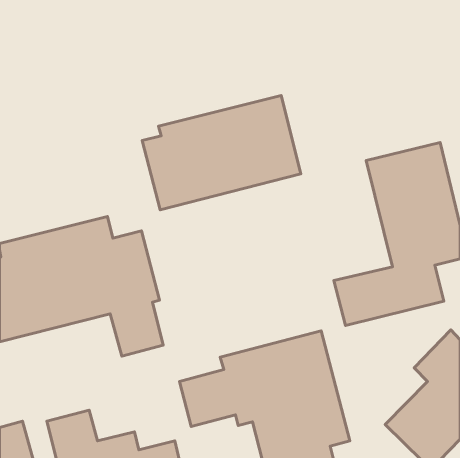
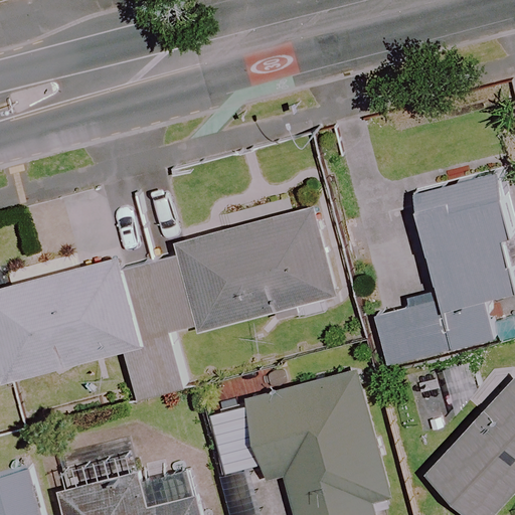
building: [142,95,301,210] -> [158,210,335,338]

